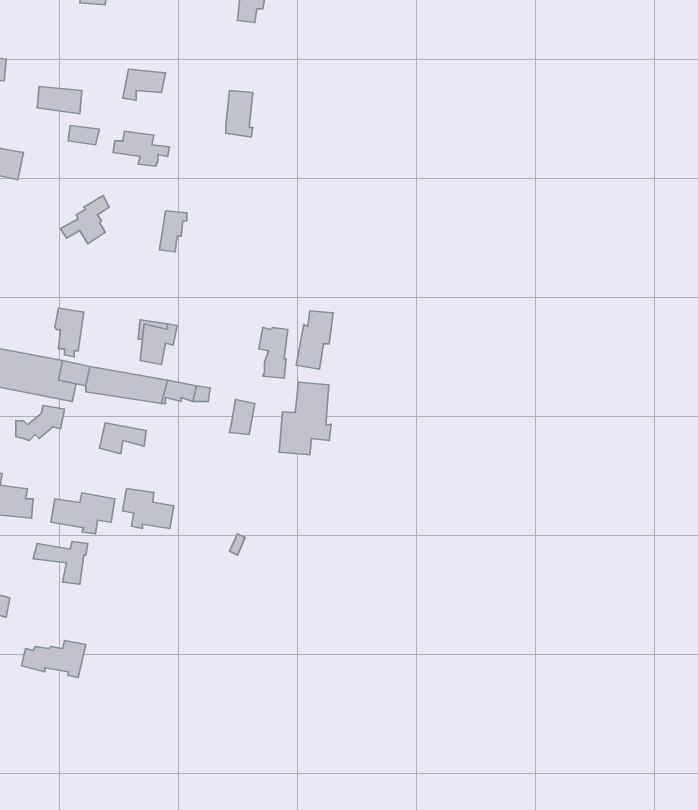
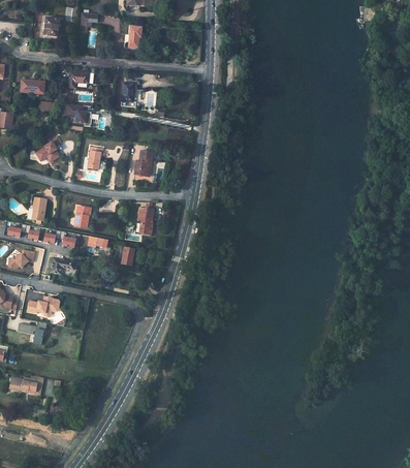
building: [296,311,333,369] -> [128,153,148,184]
building: [279,382,331,455] -> none
building: [123,488,174,529] -> none

